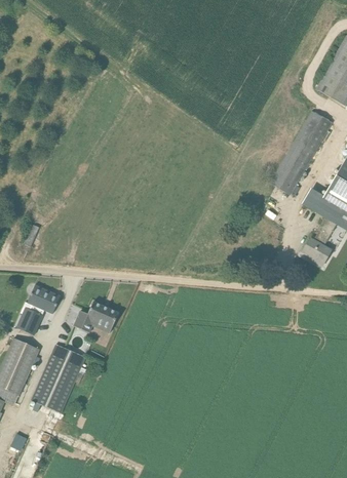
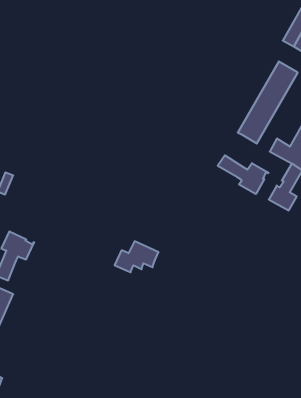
building: none -> [218,155,269,194]
building: [74,301,119,332] -> [115,241,159,272]
building: [32,344,86,412] -> none

